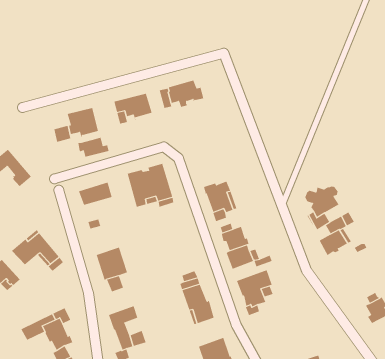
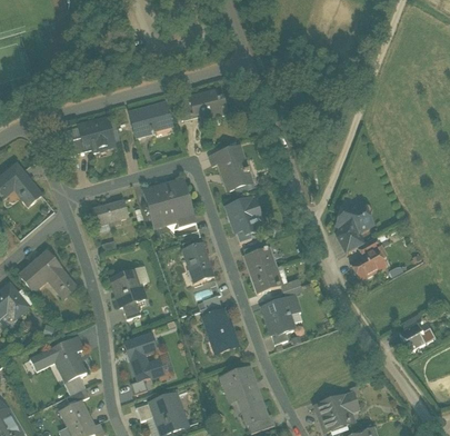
building: none -> [210,146,257,190]
building: [78,137,109,158] -> none
building: none -> [182,242,214,283]

